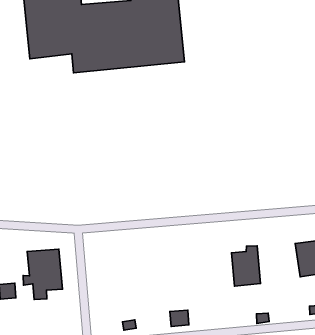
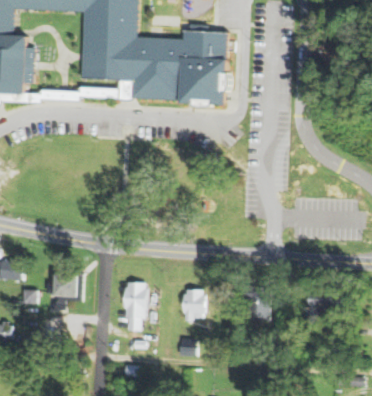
building: none -> [124,280,154,329]
building: none -> [182,288,204,319]

